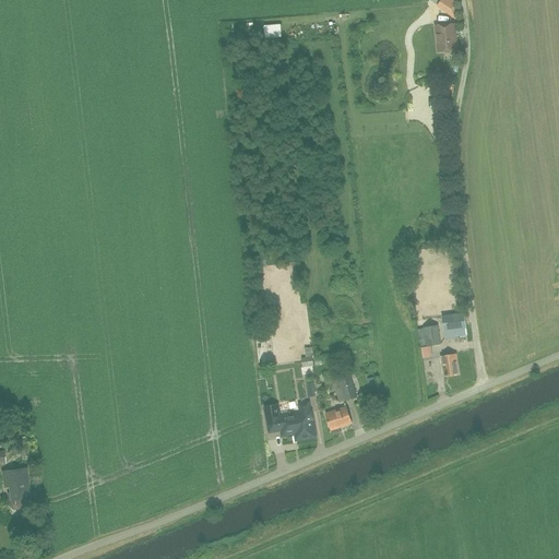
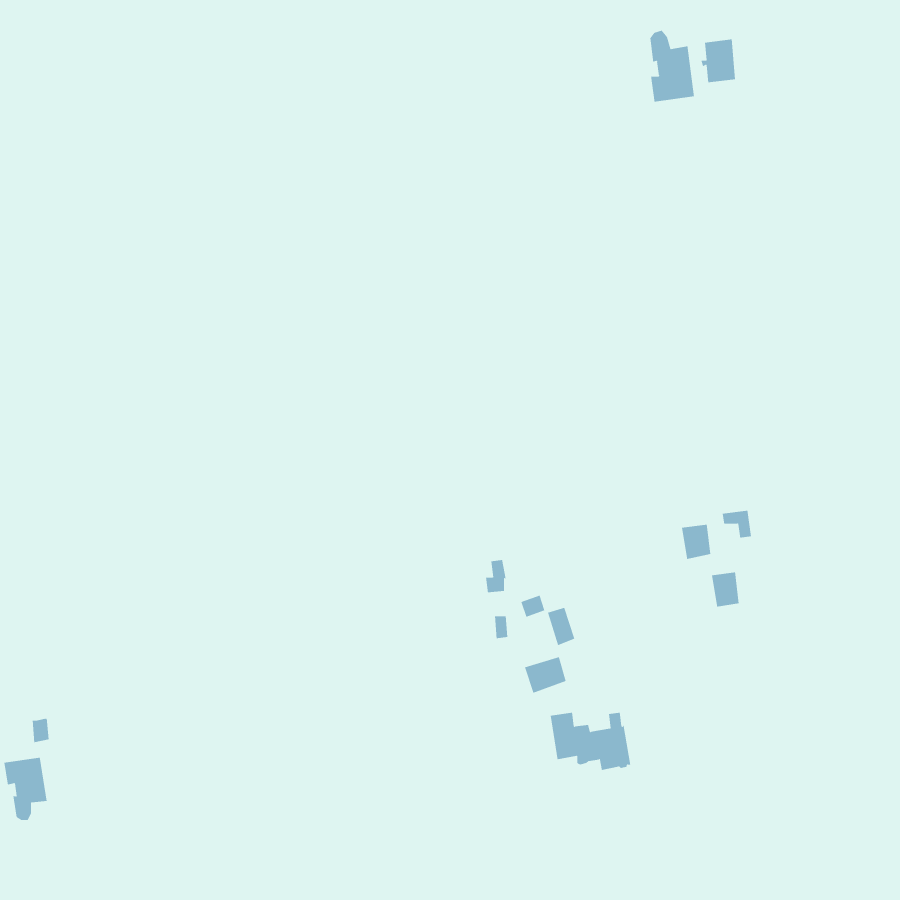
building: none -> [650,30,694,103]
building: [264,403,314,439] -> [550,712,631,770]

